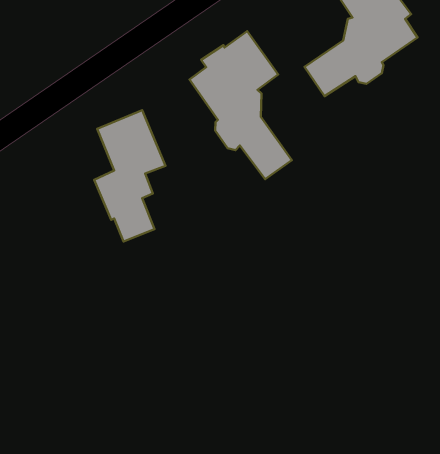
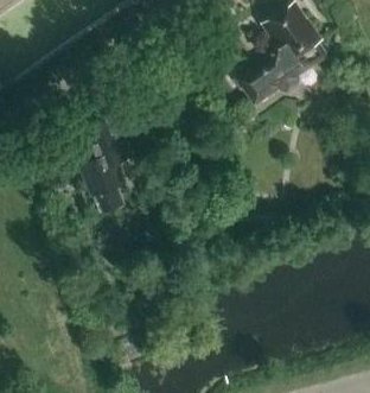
building: [189,31,292,179] -> none

